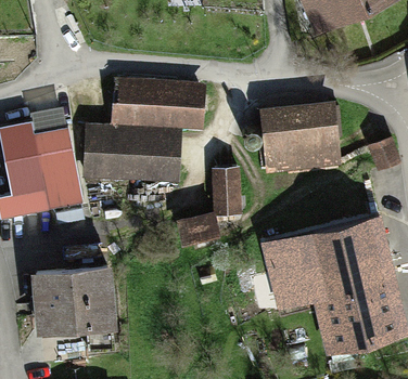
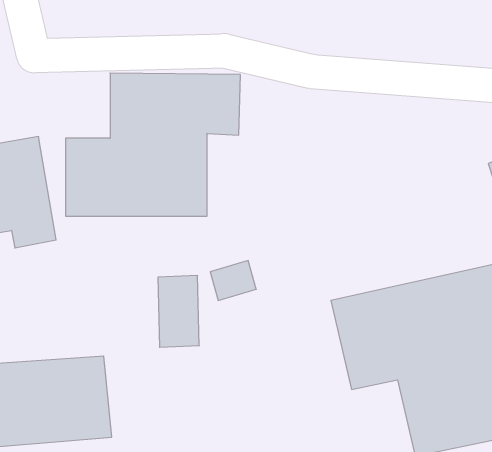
building: [262,106,341,168] -> none
building: [213,167,241,215] -> [158,276,199,347]

